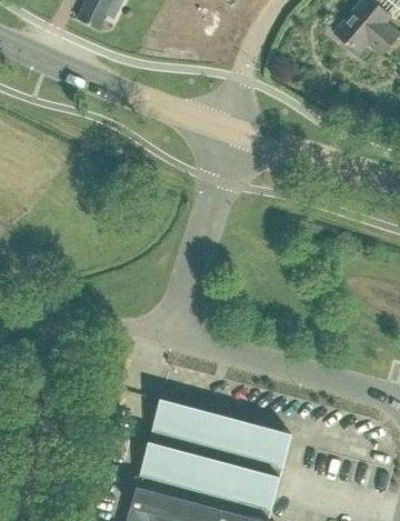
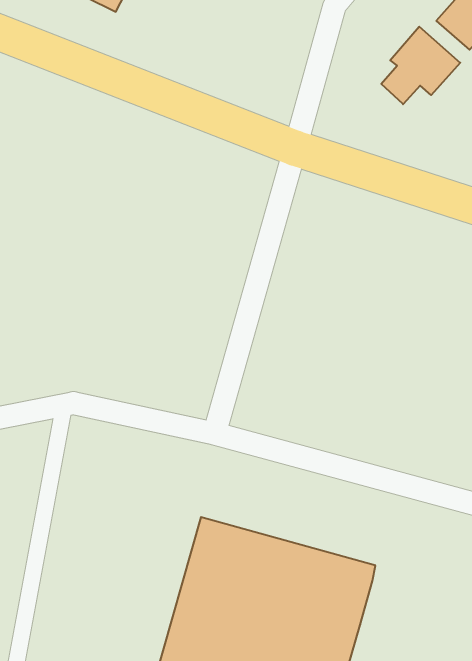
building: none -> [381,27,460,104]

